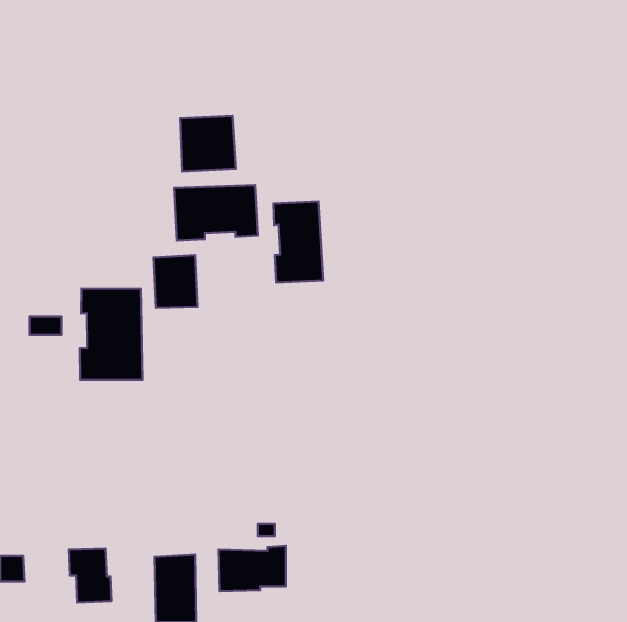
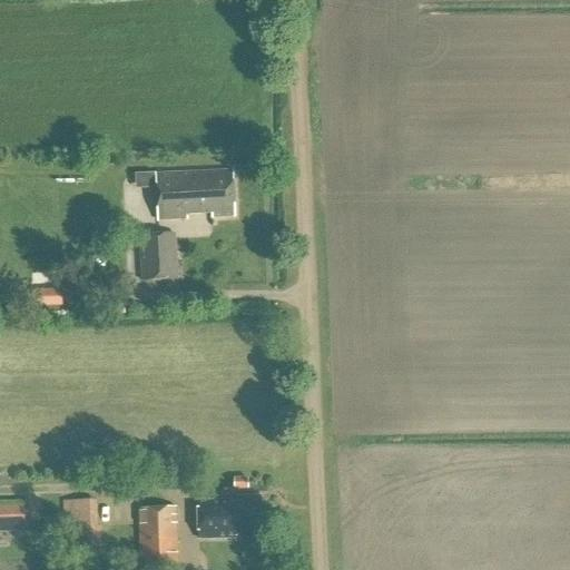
building: [180,116,236,171] -> none
building: [273,201,323,283] -> none
building: [80,289,142,380] -> none

